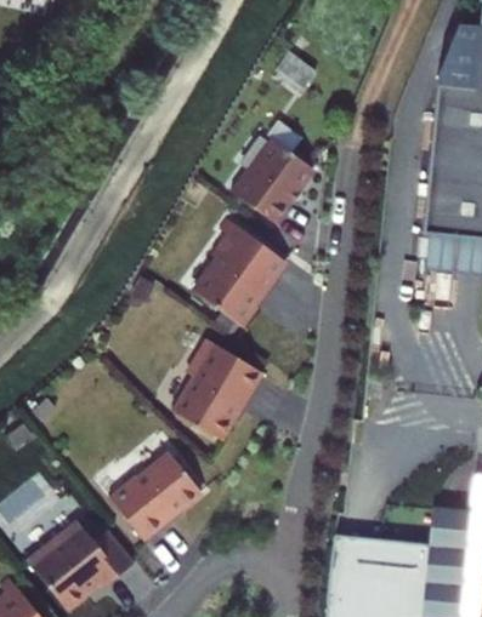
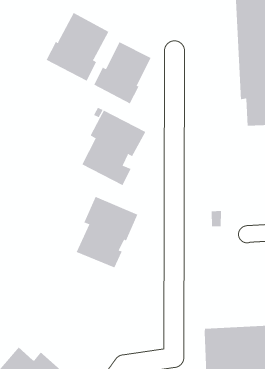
building: none -> [46,12,109,81]
building: [108,449,200,536] -> none

